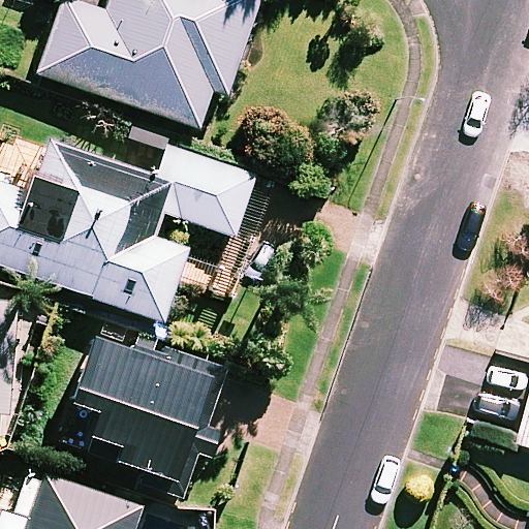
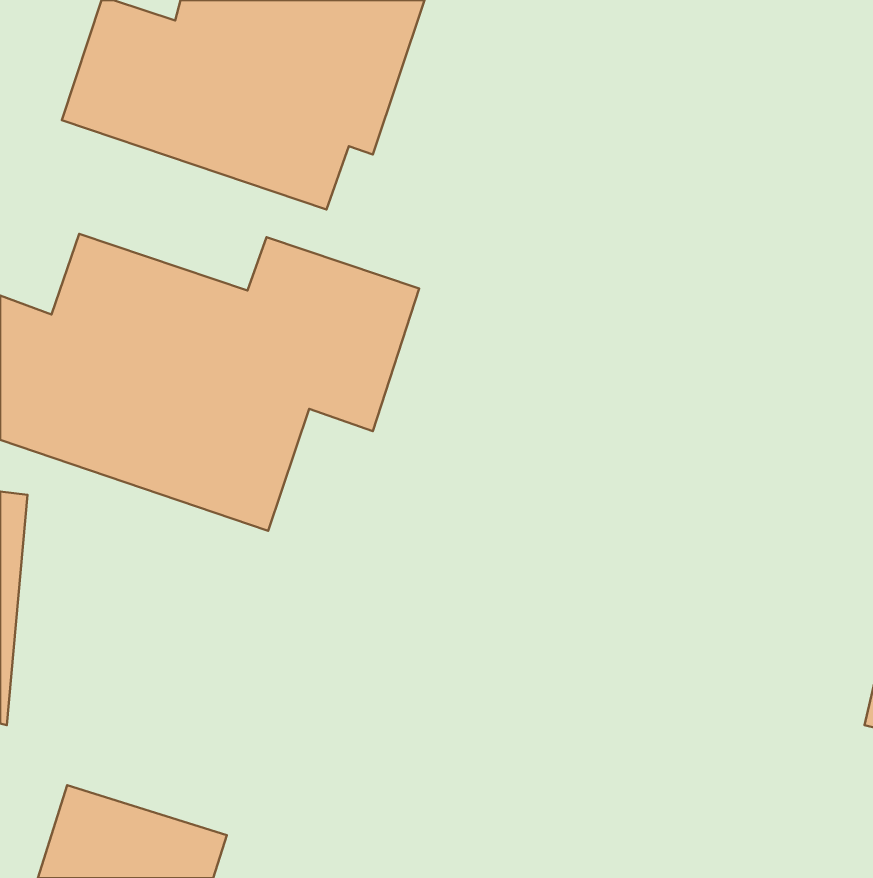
building: [63,339,212,474] -> none

